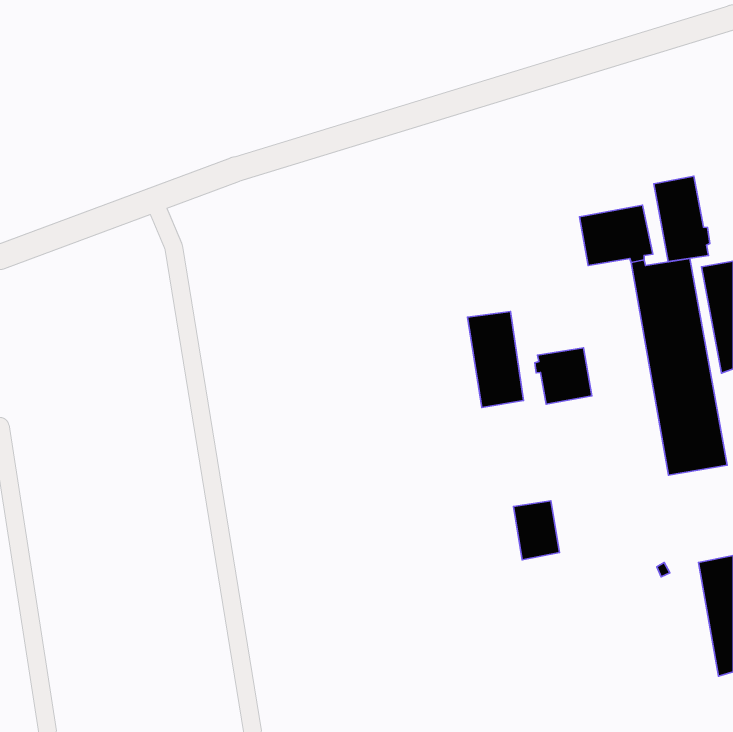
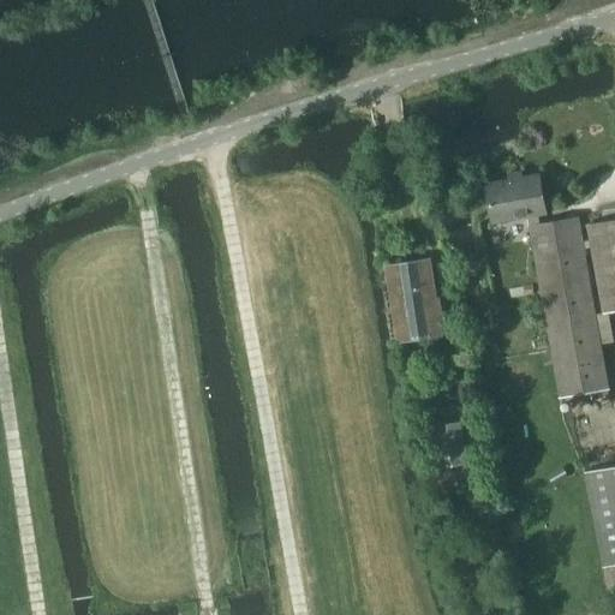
building: [654,176,710,262] -> none
building: [535,348,592,404] -> none

